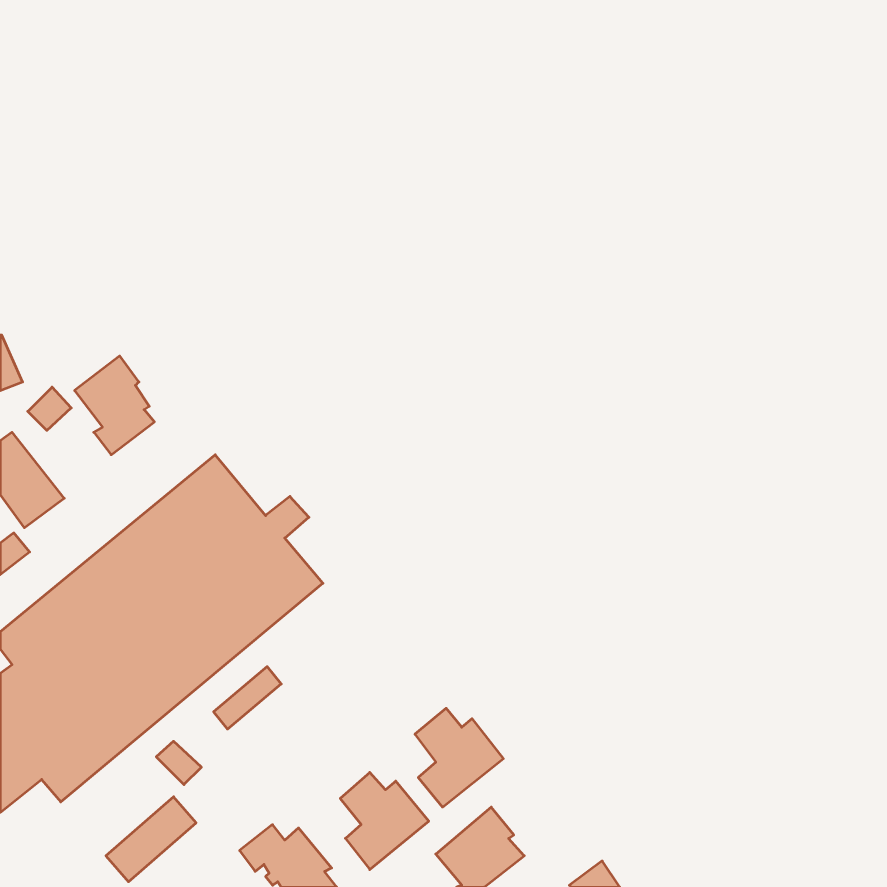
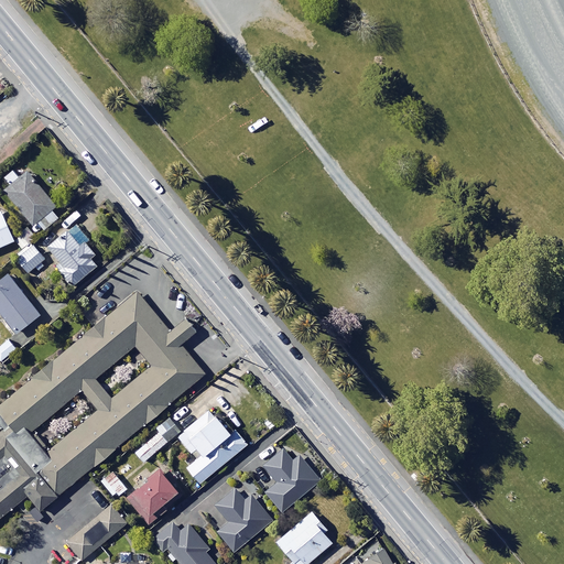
building: none -> [4,171,58,228]
building: none -> [178,410,247,484]
building: none -> [128,470,183,524]

